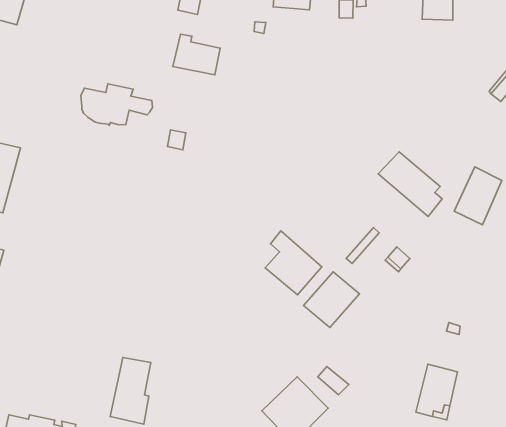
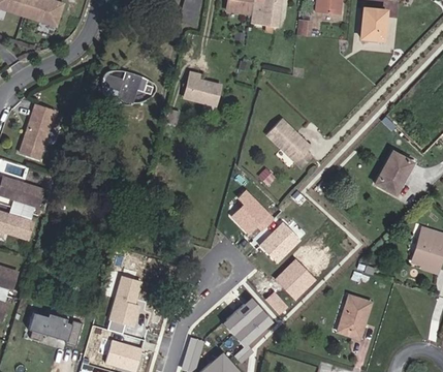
building: [173,34,220,75] -> [183,73,219,105]
building: [378,152,442,216] -> [265,117,312,166]
building: none -> [274,258,316,301]

